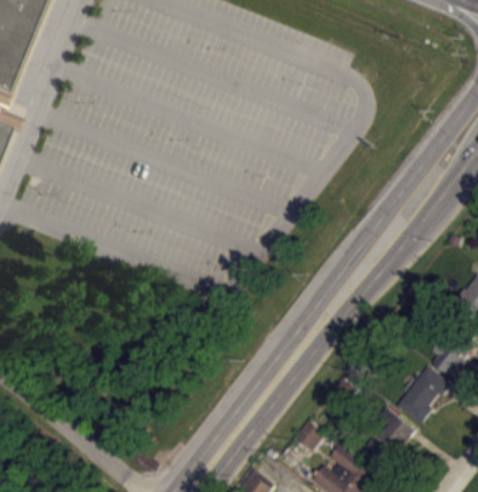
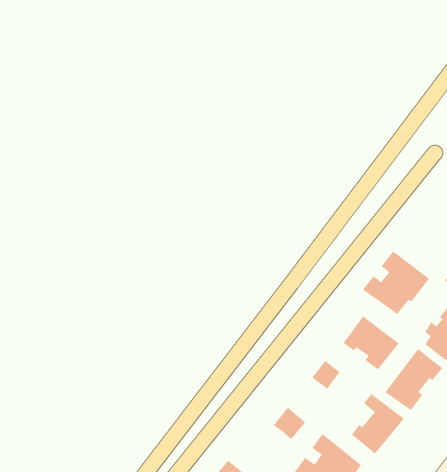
building: none -> [362,251,430,315]
building: none -> [343,315,400,370]

